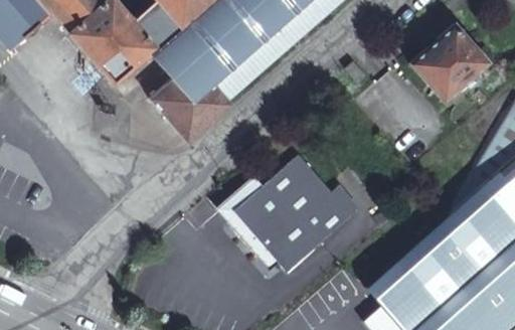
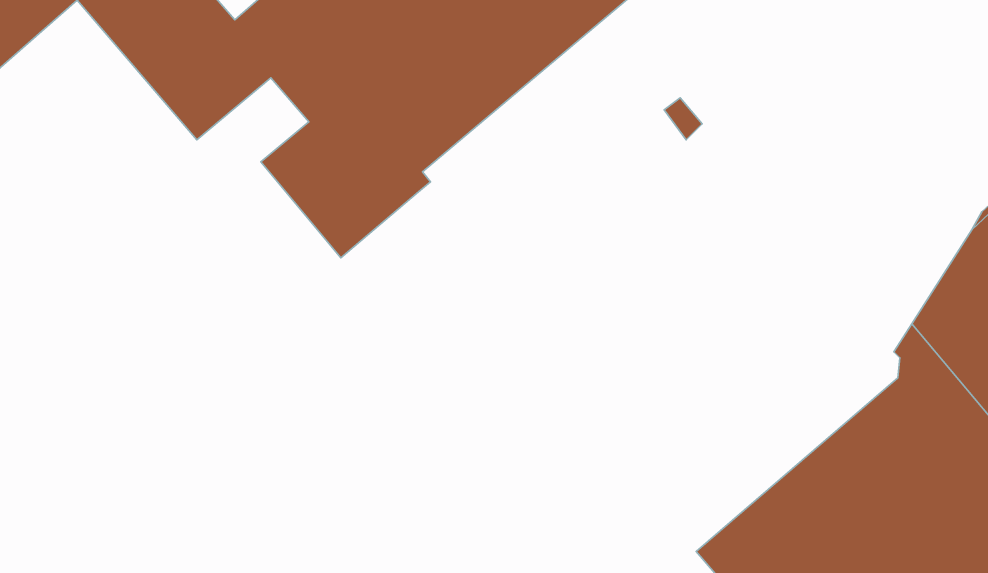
building: [411,23,492,103] -> none
building: [237,154,353,268] -> none

